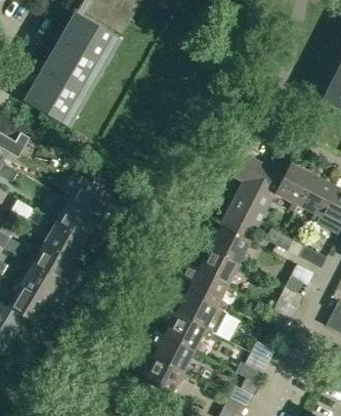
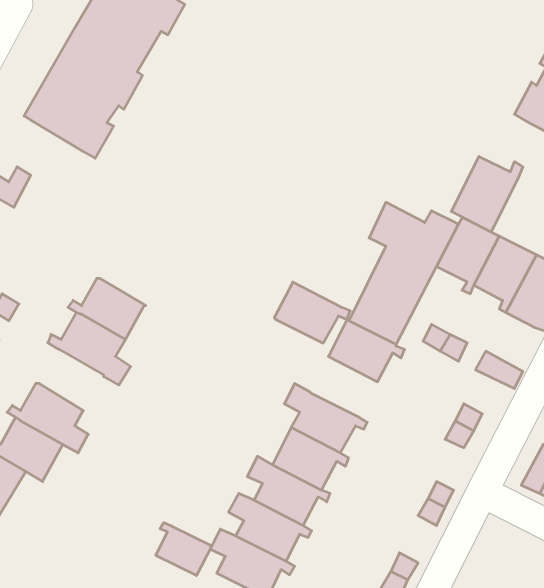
building: none -> [451,156,523,232]
building: [63,177,114,222] -> none
building: [27,242,73,280] -> none
building: [198,247,244,284] -> [274,282,350,343]
building: none -> [156,523,212,576]

